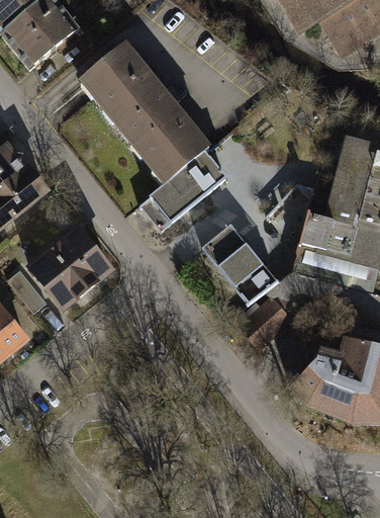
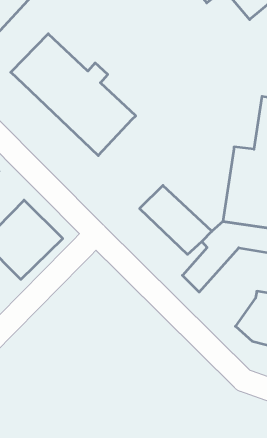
building: [137,146,226,229] -> none

